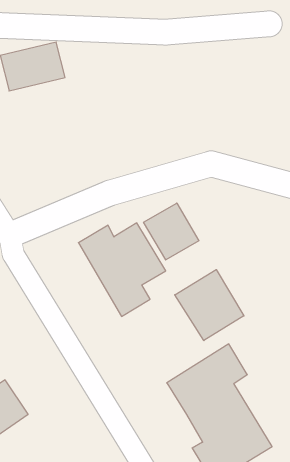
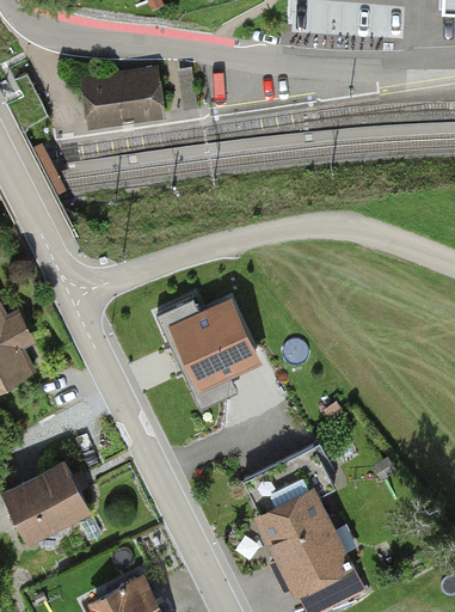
building: [144,203,199,260] -> none
building: [175,270,244,341] -> none

